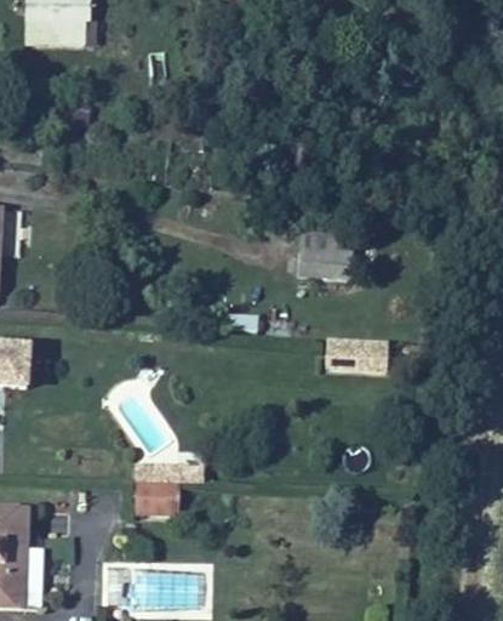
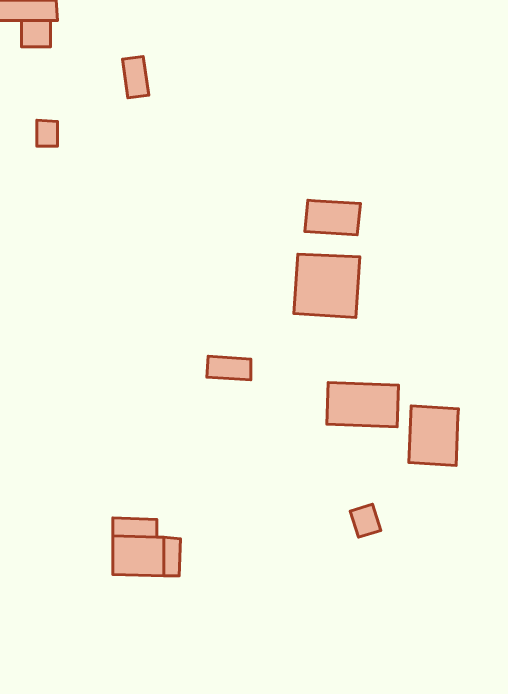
building: none -> [305,200,360,235]
building: none -> [409,406,458,465]

